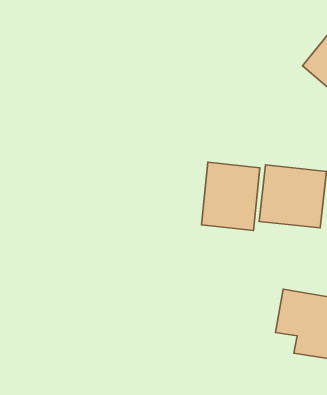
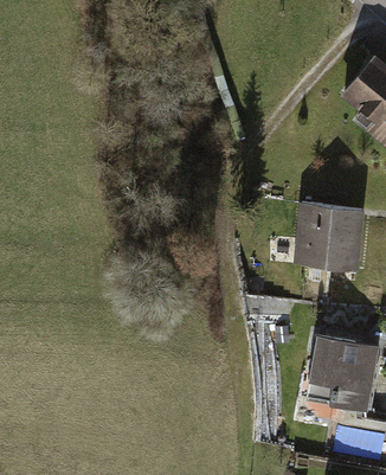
building: [202,162,260,230] -> none

